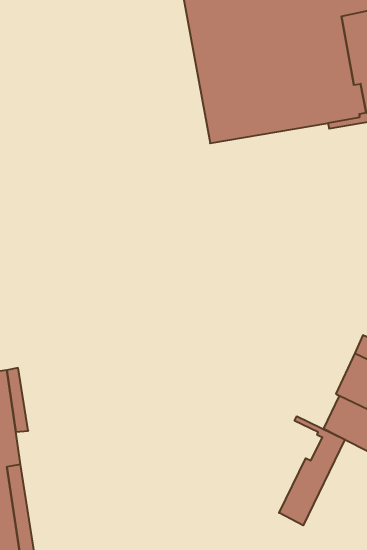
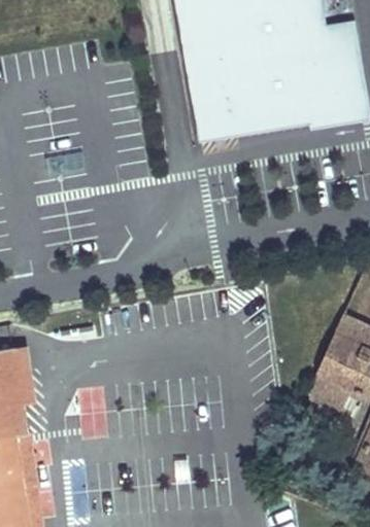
building: [279,416,345,525] -> none

